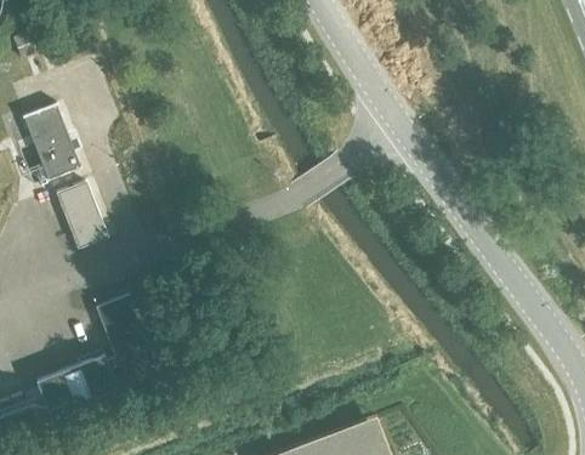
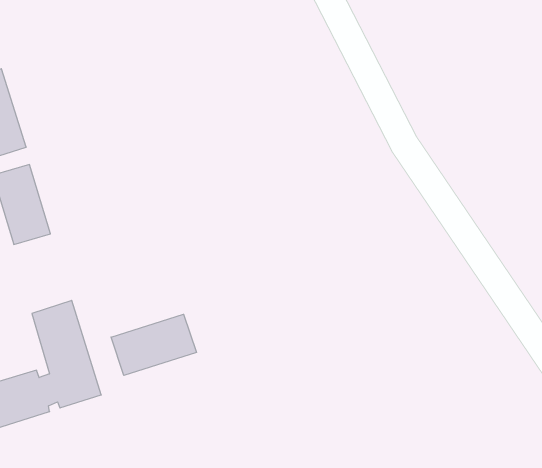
building: none -> [111,314,197,375]

